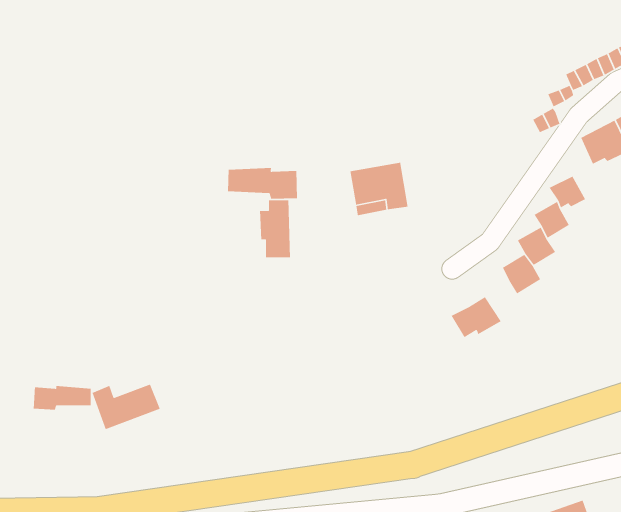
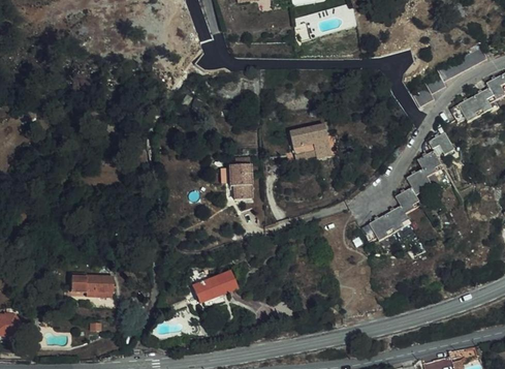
building: [227,167,298,199] -> none
building: none -> [383,206,410,233]
building: [92,383,161,430] -> [192,272,240,304]

